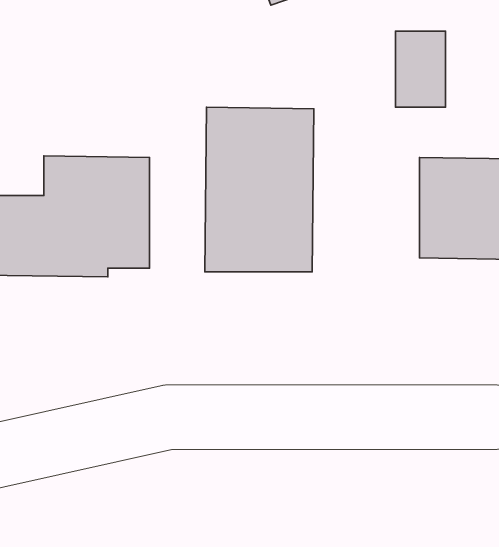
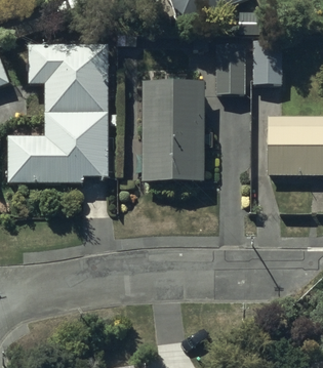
building: none -> [214,43,246,93]
building: none -> [29,44,109,113]

